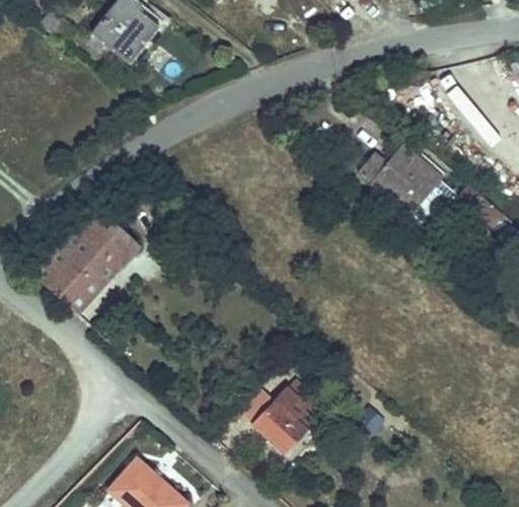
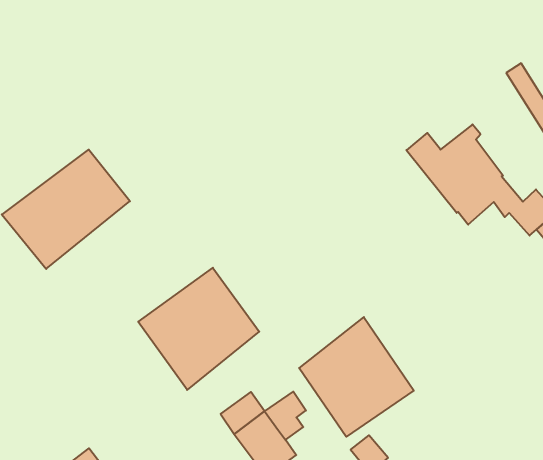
building: none -> [138,268,259,390]
building: none -> [299,317,414,437]

